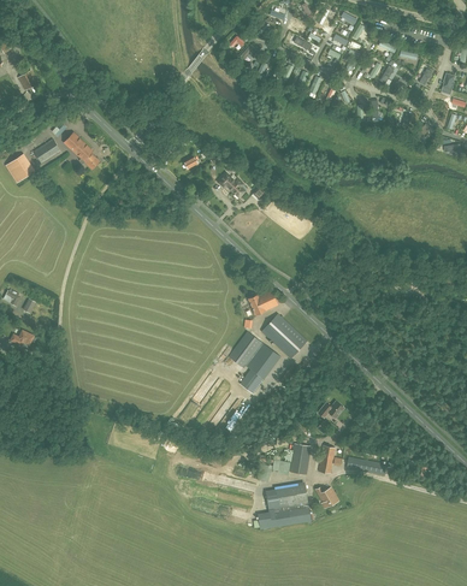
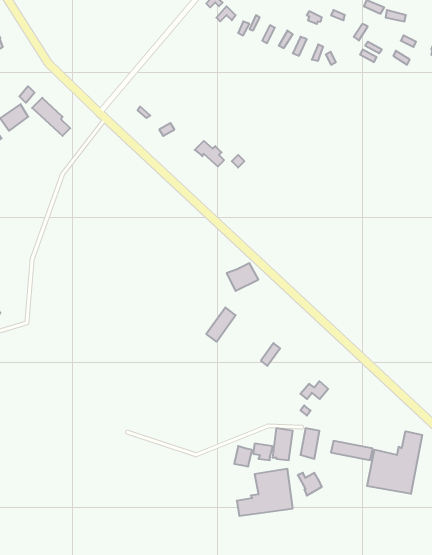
building: [261,313,307,359] -> none
building: [240,343,280,391] -> none
building: none -> [367,431,422,494]

